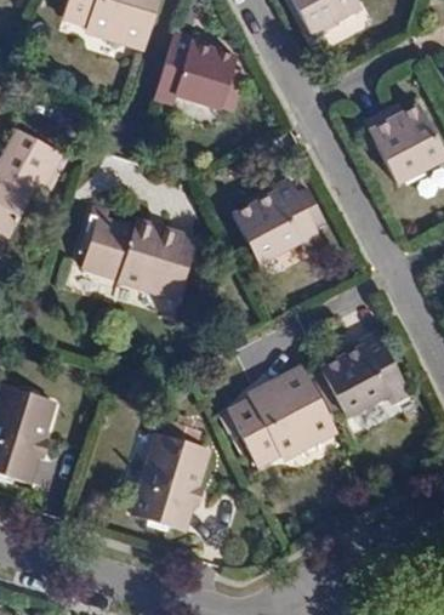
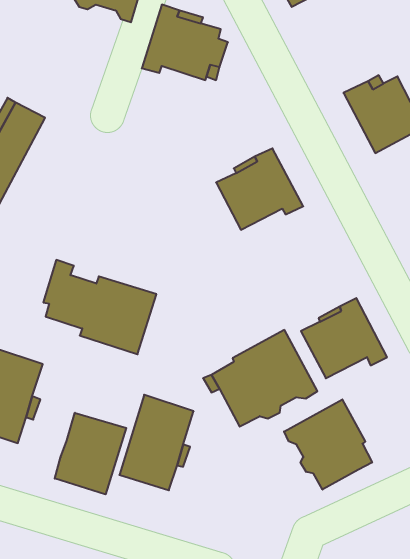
building: [81,204,198,301] -> [43,260,156,354]
building: none -> [284,399,372,490]
building: none -> [55,413,126,494]

